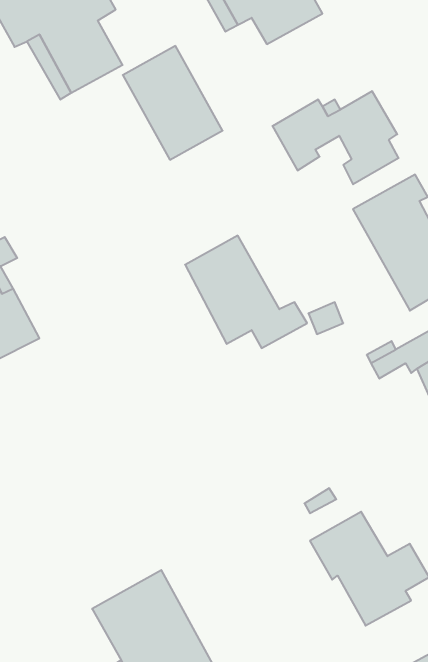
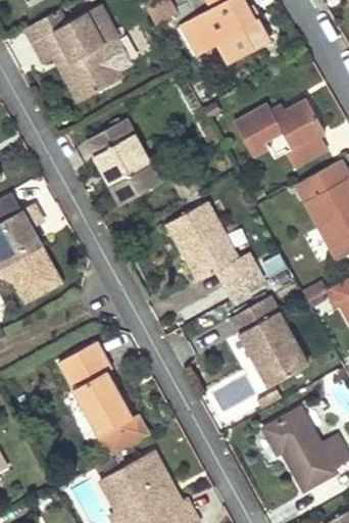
building: [123,46,223,160] -> [87,122,160,205]
building: none -> [230,296,307,387]
building: none -> [56,341,150,458]

